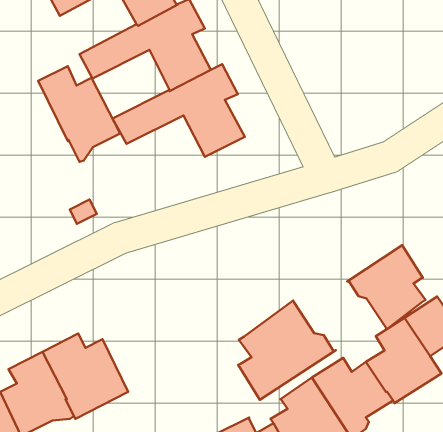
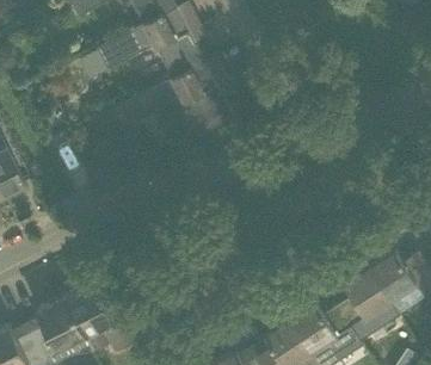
building: [38,66,120,162] -> none
building: [347,245,425,329] -> none
building: [238,300,336,400] -> none

